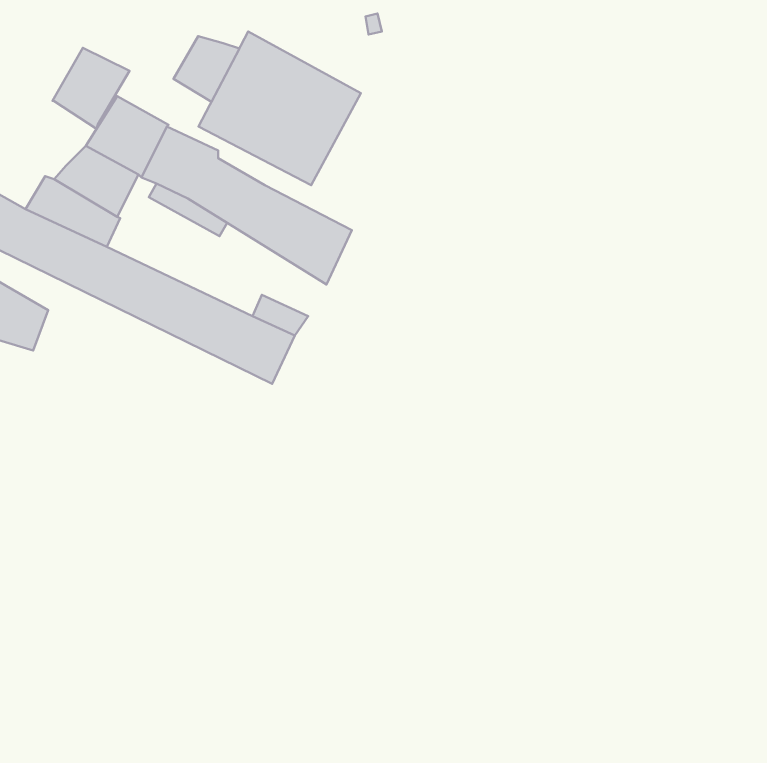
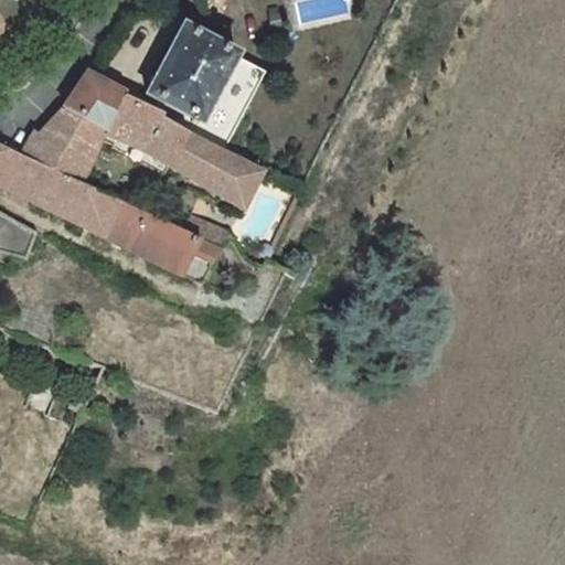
building: [173,36,239,102] -> none
building: [52,48,129,129] -> none

